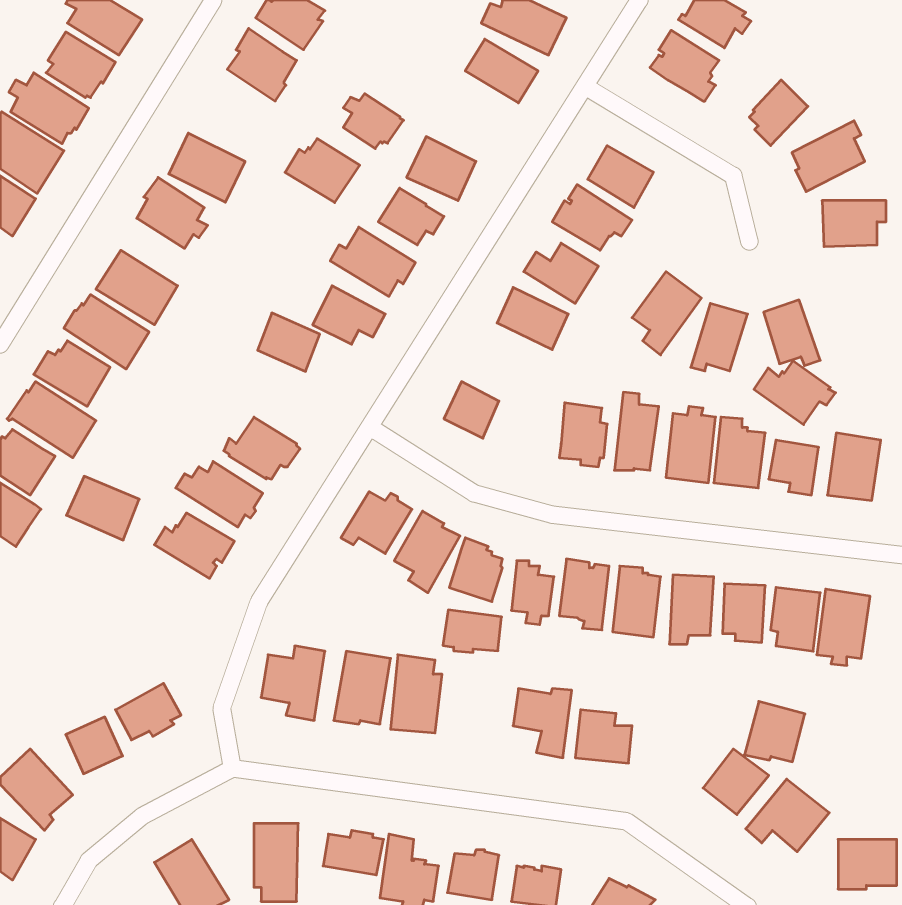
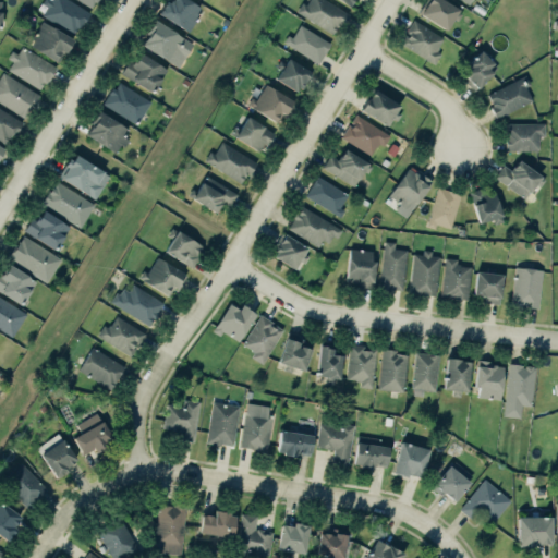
building: [343,94,404,149] -> [277,58,314,92]
building: [285,139,360,203] -> [122,52,168,92]
building: [258,313,320,371] -> [168,232,206,268]
building: none -> [290,207,343,247]
building: [754,361,836,425] -> [496,160,546,199]
building: [66,476,139,540] -> [82,350,126,389]
building: [443,610,502,652] -> [278,430,314,457]
building: [744,701,805,762] -> [395,441,432,478]

